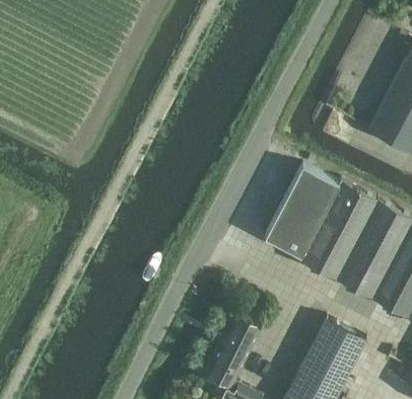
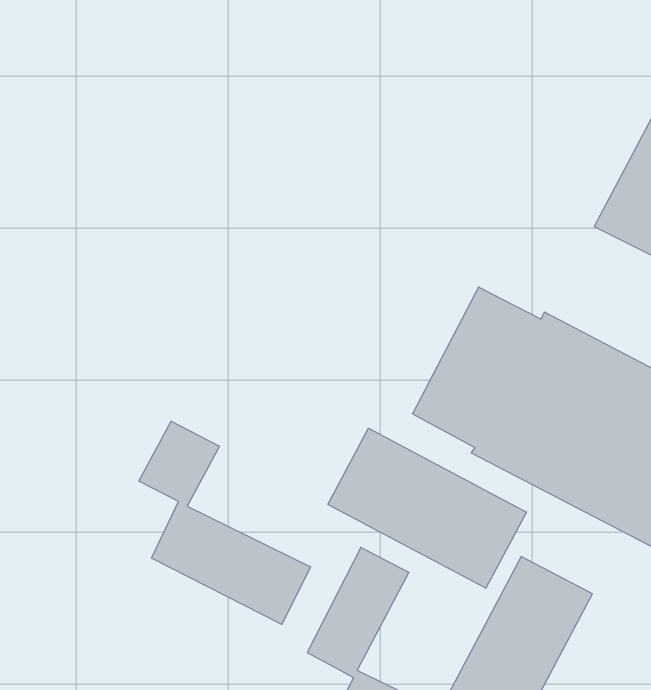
building: none -> [139,421,311,624]
building: none -> [328,428,527,588]

